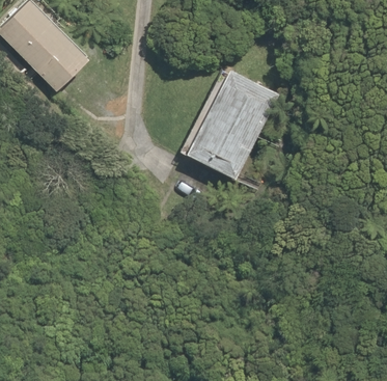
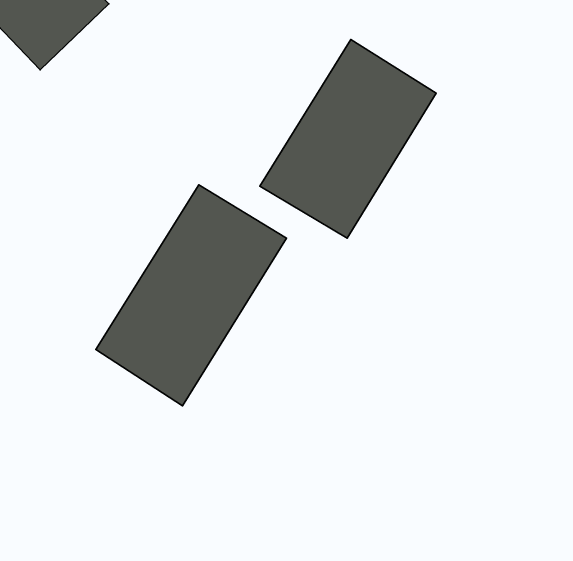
building: none -> [96,185,286,406]

